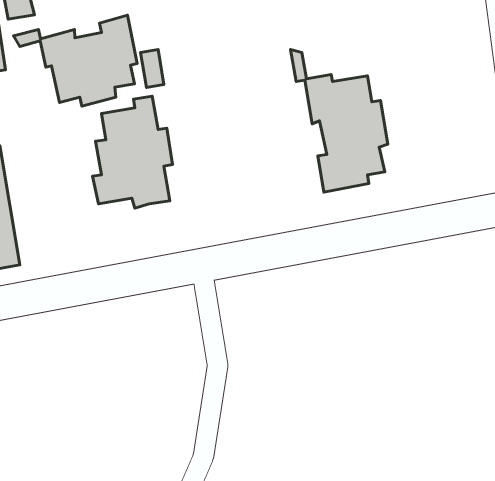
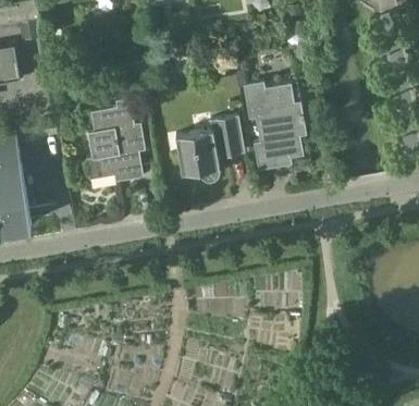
building: [14,15,137,106] -> none
building: none -> [175,116,245,179]

